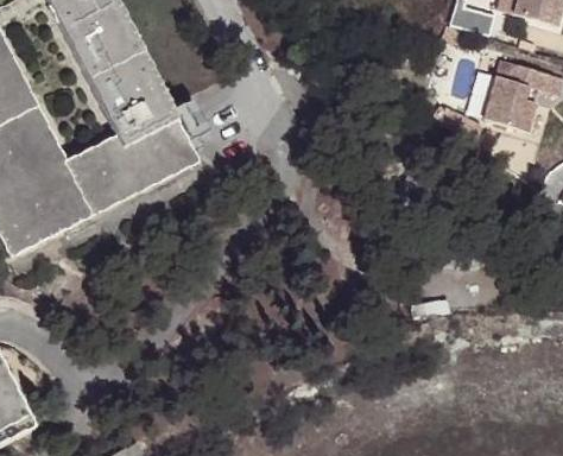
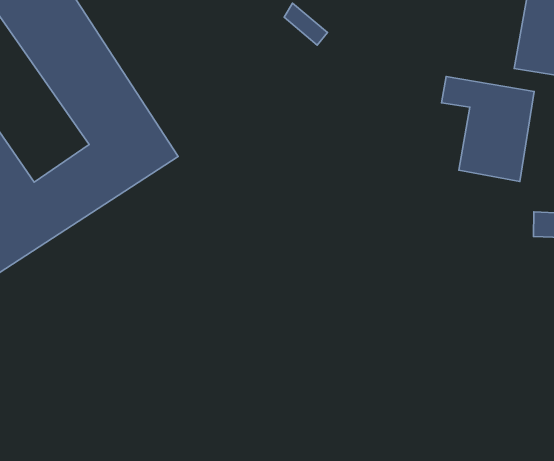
building: none -> [441,77,534,181]

